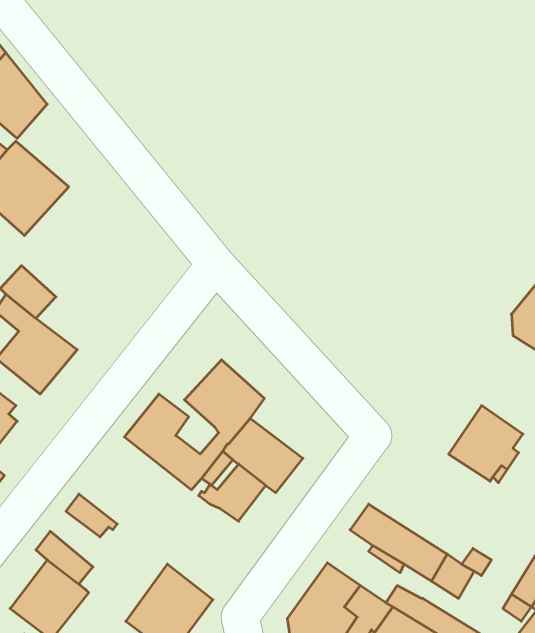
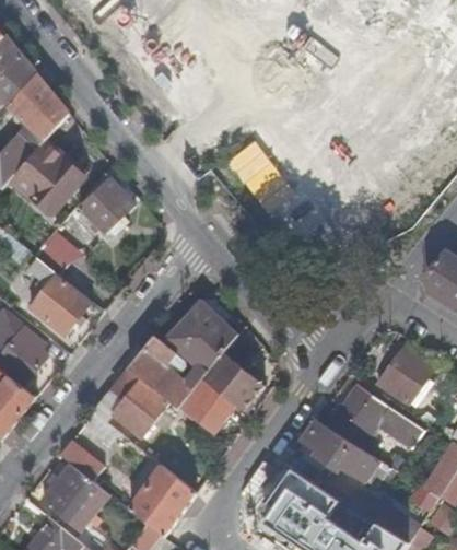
building: none -> [79,173,133,232]
building: none -> [113,367,168,436]
building: none -> [328,385,423,448]

